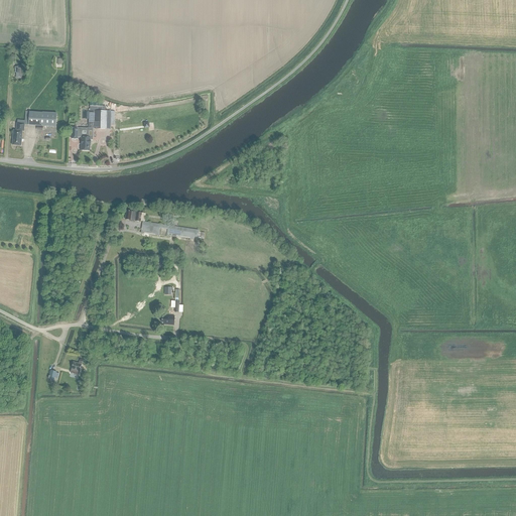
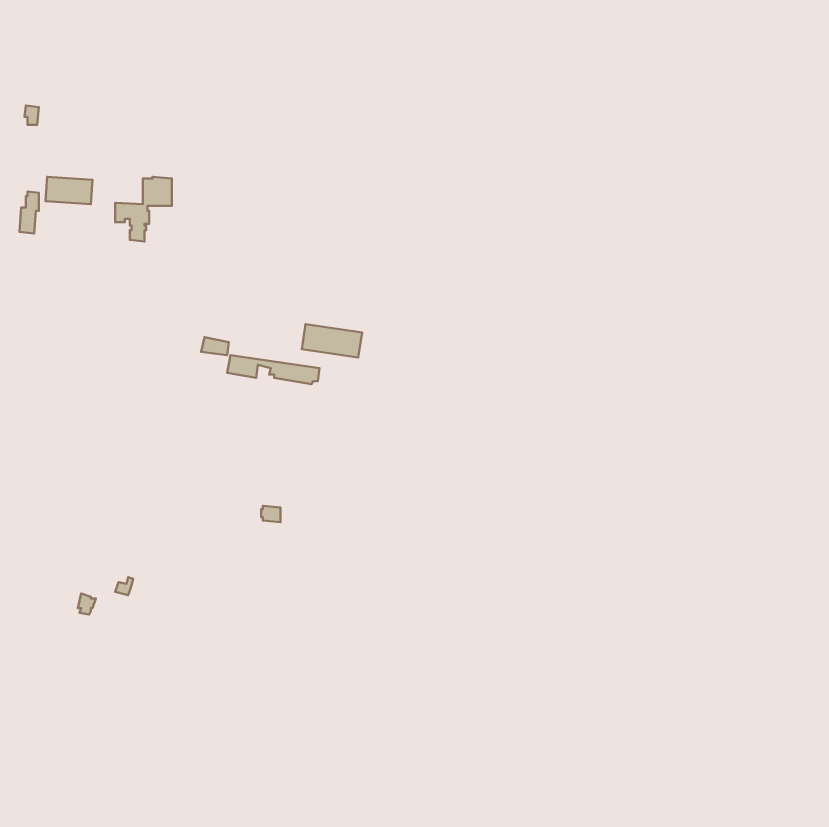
building: none -> [302,324,362,357]

